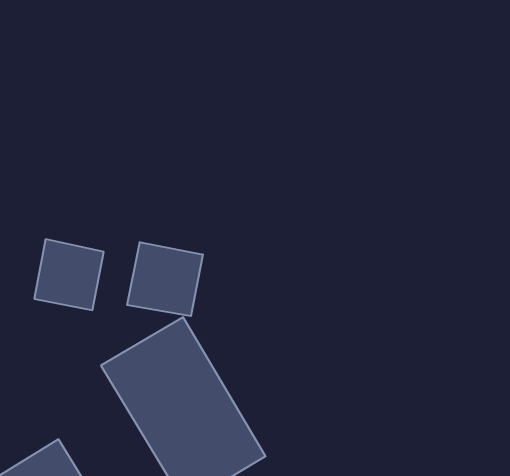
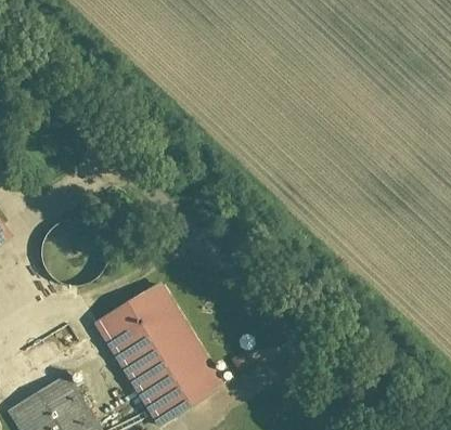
building: [127,242,203,316] -> none

